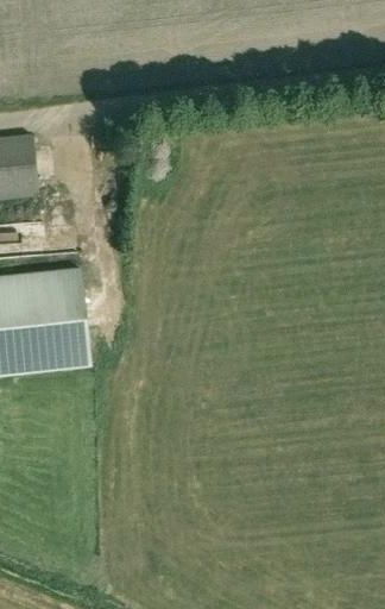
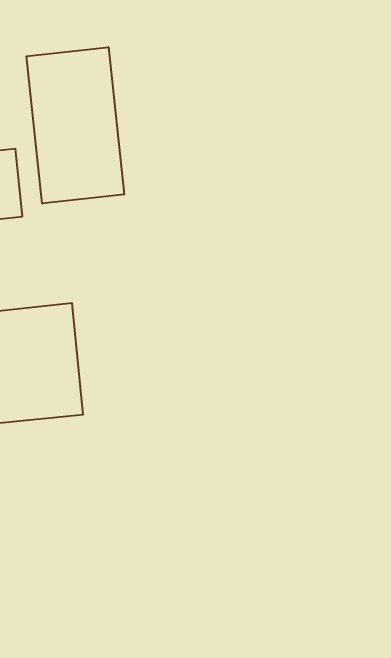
building: none -> [26,47,124,204]

